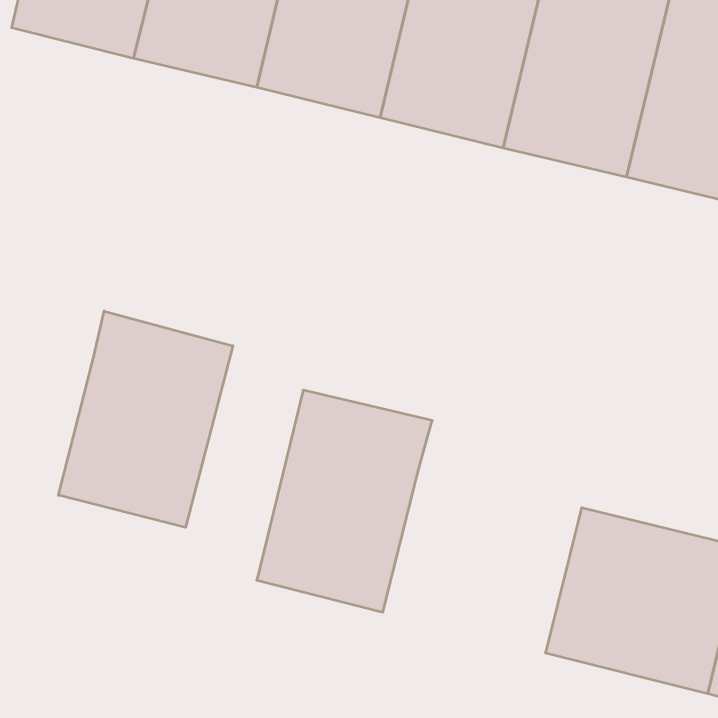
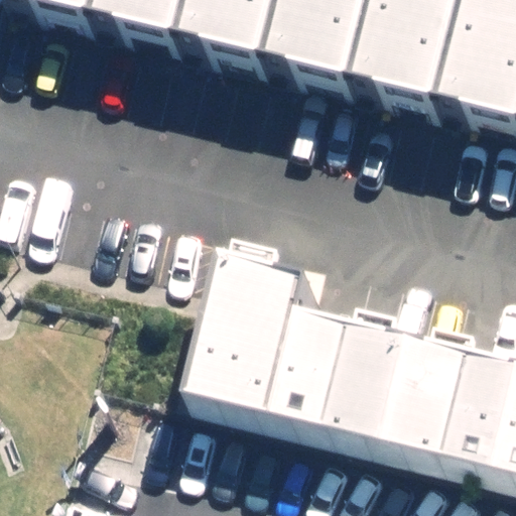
building: [58,311,233,527] -> none
building: none -> [282,325,420,454]

